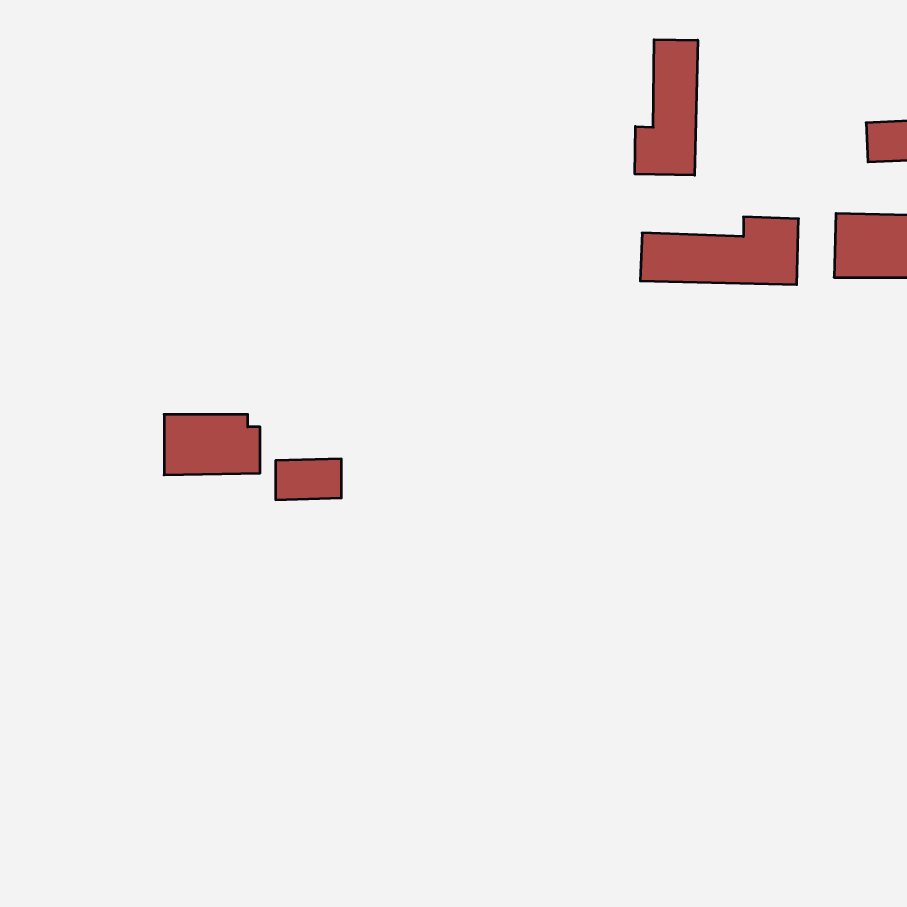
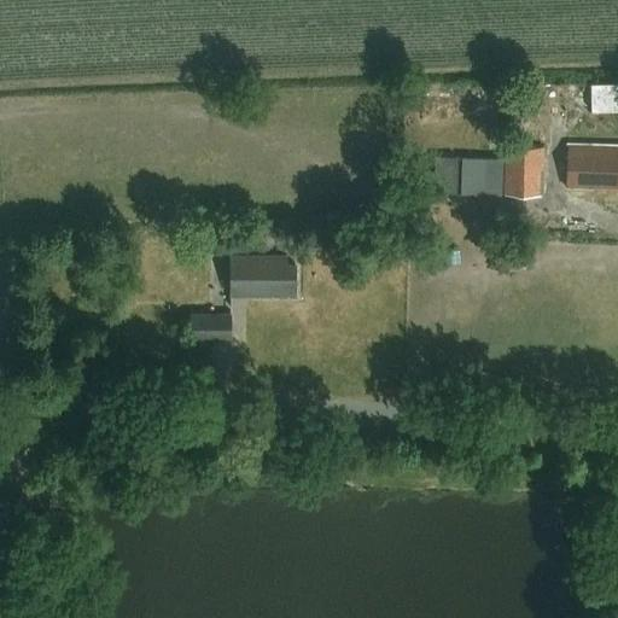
building: [635,40,698,175] -> none
building: [164,414,260,475] -> [232,257,297,298]

